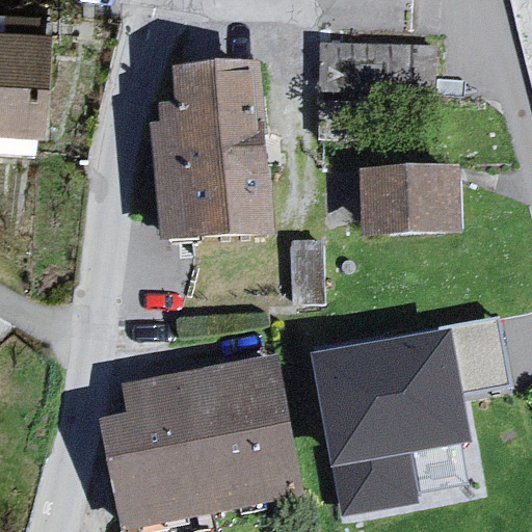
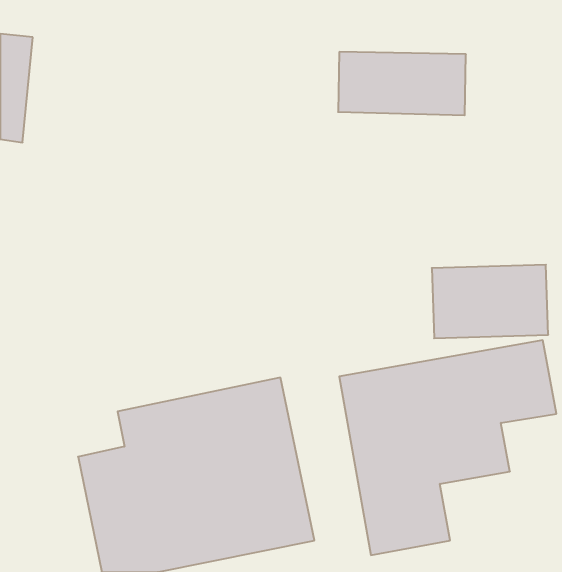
building: [147,73,263,233] -> none
building: [361,174,468,241] -> [432,265,548,338]

